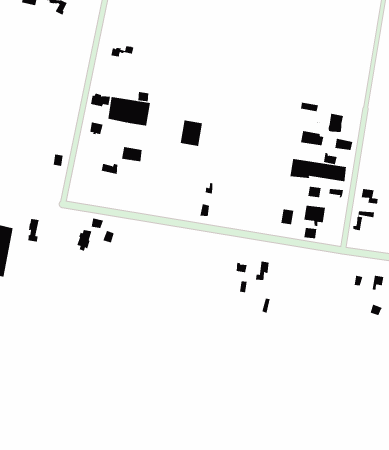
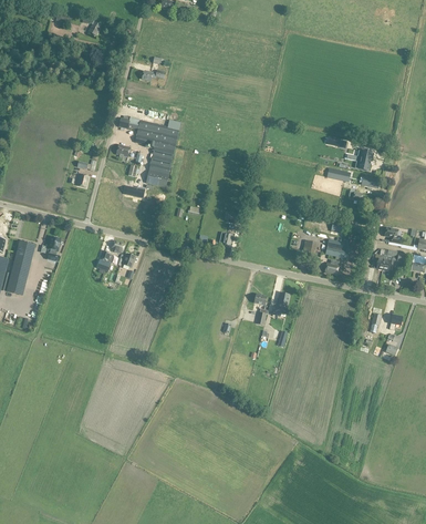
building: [180,120,203,146] -> [149,147,174,175]
building: [290,158,347,182] -> none

